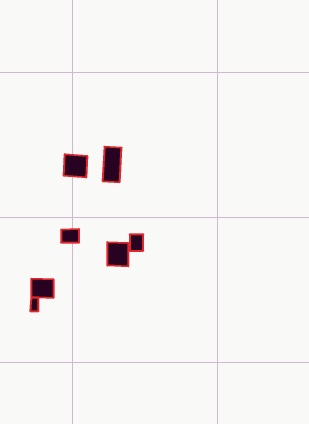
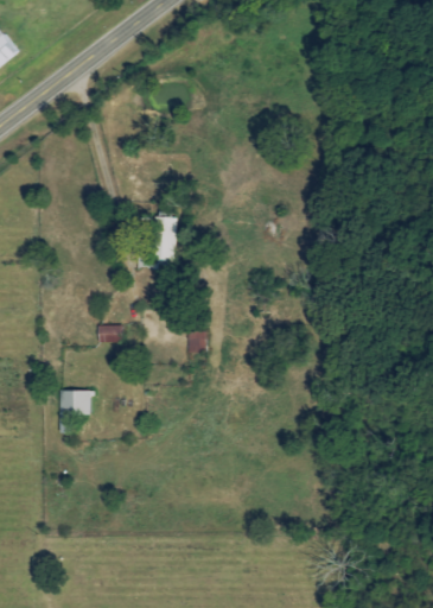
building: [64,154,87,178] -> none
building: [107,242,128,266] -> none

